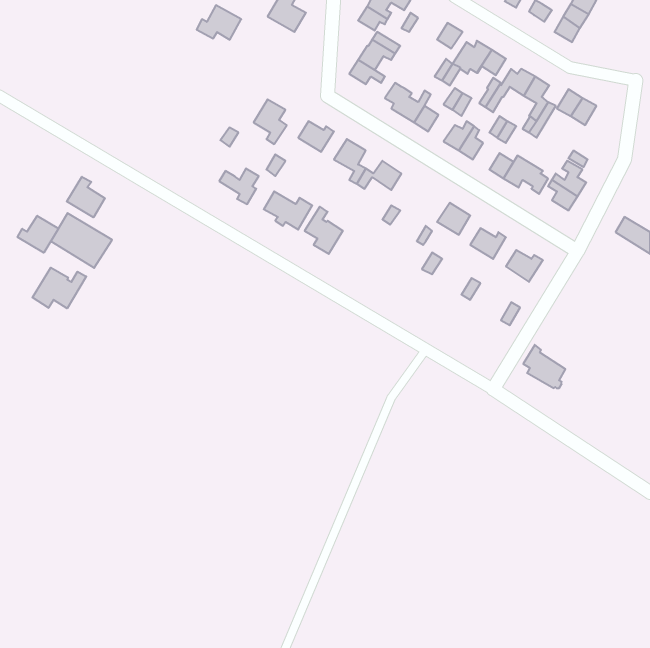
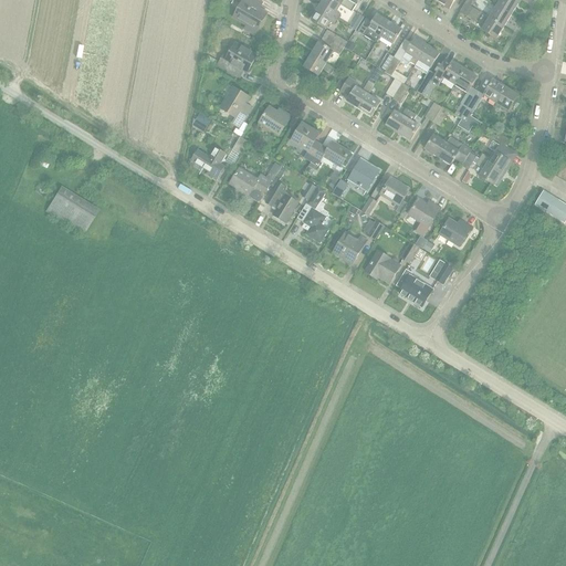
building: [197,5,241,40] -> [217,41,255,71]
building: none -> [357,12,388,41]
building: [67,177,105,217] -> none
building: none -> [346,157,377,188]
building: none -> [301,182,328,241]
building: [18,216,58,253] -> none
building: none -> [332,231,366,261]
building: [32,268,86,308] -> none
building: none -> [365,249,399,281]
building: [523,345,565,388] -> [395,266,431,304]

